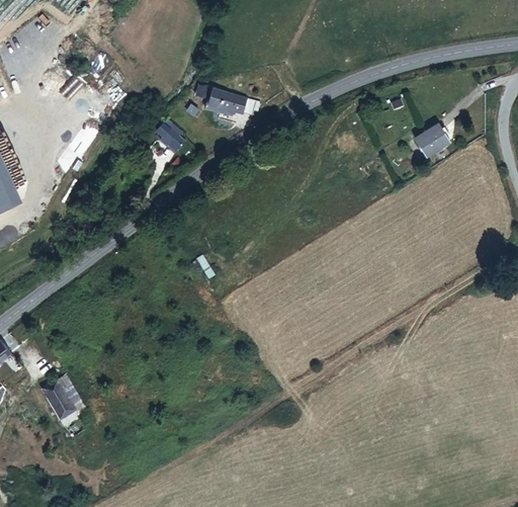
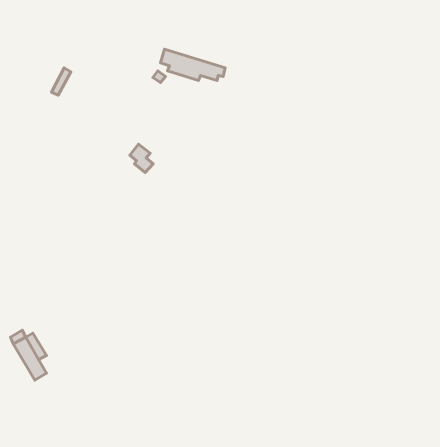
building: [159,121,183,151] -> [130,144,153,173]
building: [415,123,450,156] -> none

